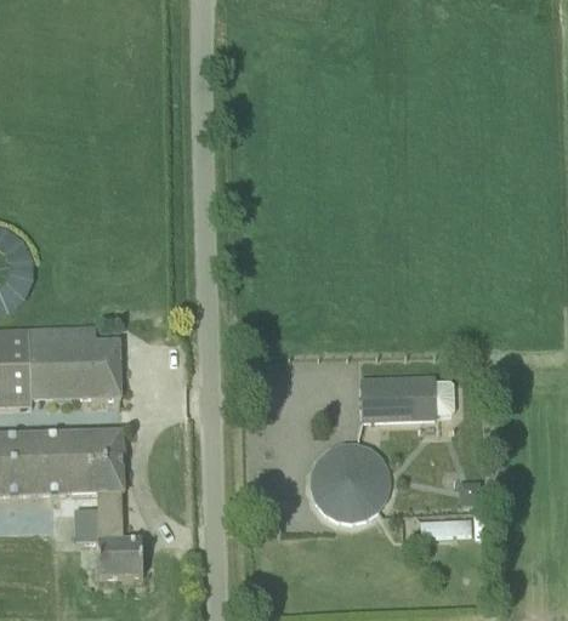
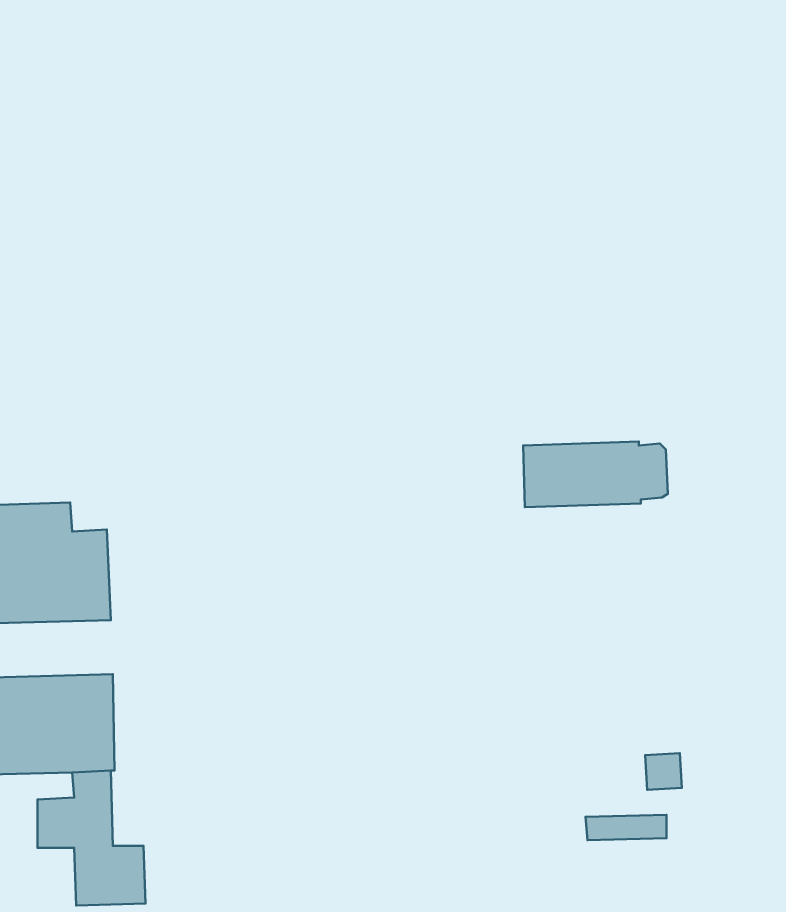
building: [359,378,450,420] -> [523,442,668,507]
building: [306,437,392,524] -> none

